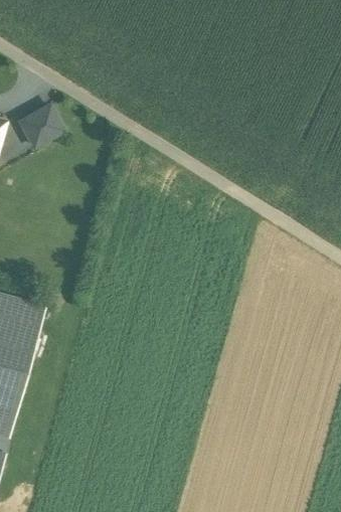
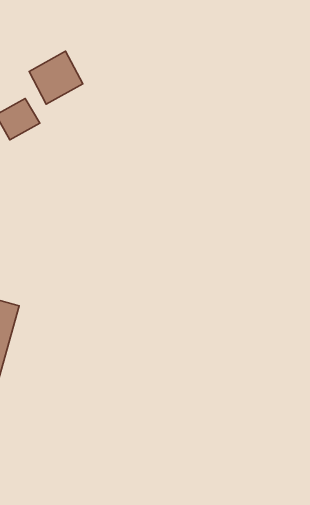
building: none -> [29,51,83,104]

